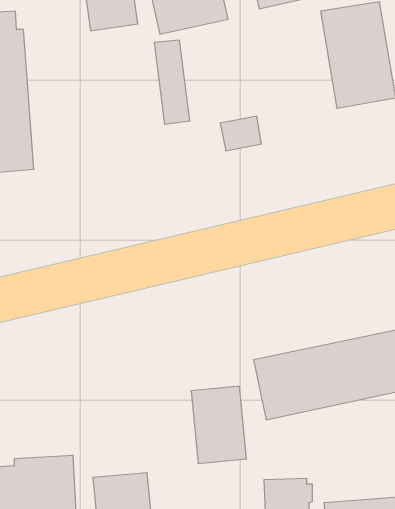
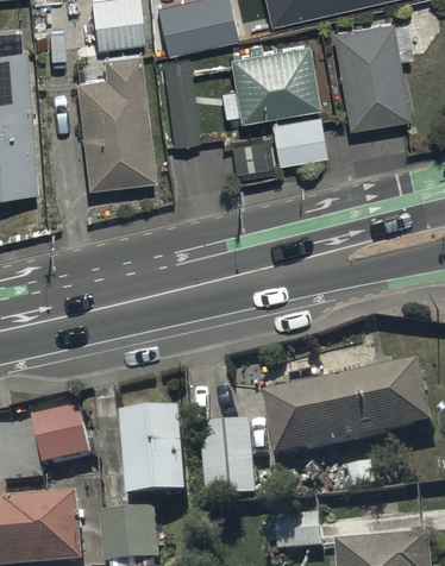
building: none -> [231,45,321,122]
building: none -> [77,55,156,189]
building: none -> [271,117,327,166]
building: none -> [32,405,90,463]
building: none -> [119,407,186,493]

